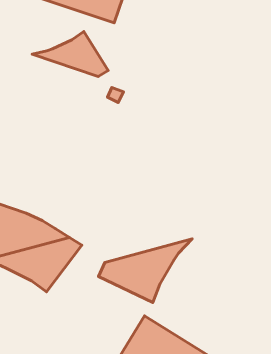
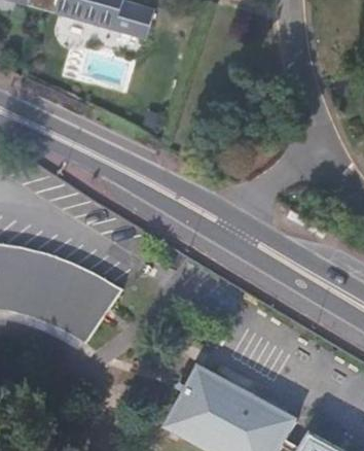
building: [32,32,108,76] -> none
building: [98,239,192,302] -> none

